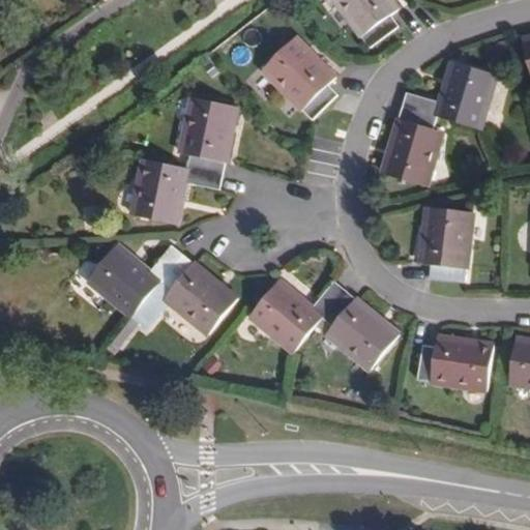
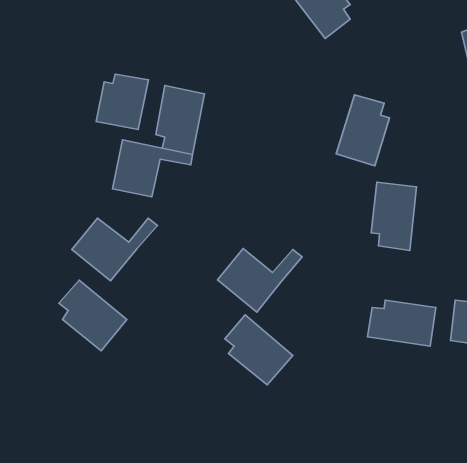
building: [262,34,335,117] -> none
building: [403,62,497,128] -> none
building: none -> [96,74,148,129]
building: [158,254,235,333] -> [59,280,127,351]
building: [321,289,398,367] -> [225,315,293,385]

